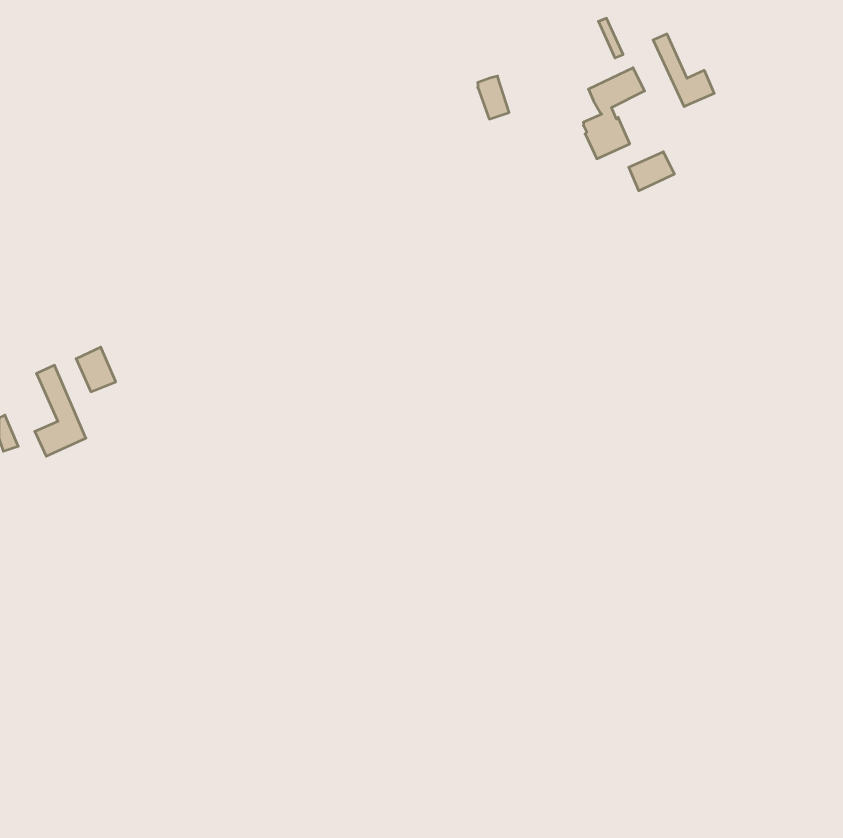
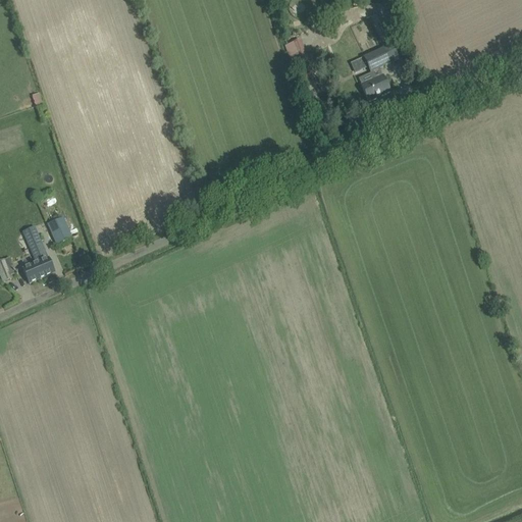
building: [653,34,714,107] -> none
building: [629,152,674,191] -> none

